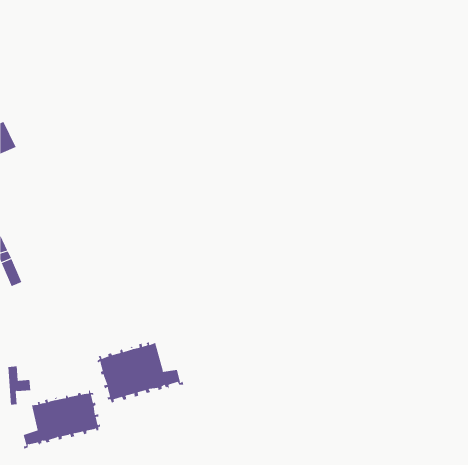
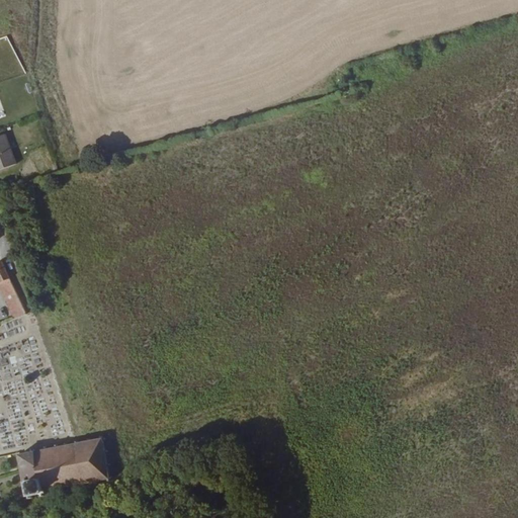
building: [97,341,184,404] -> none
building: none -> [16,449,40,485]

